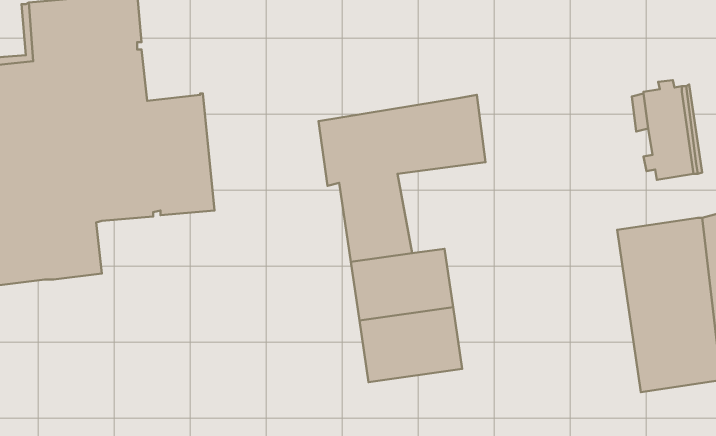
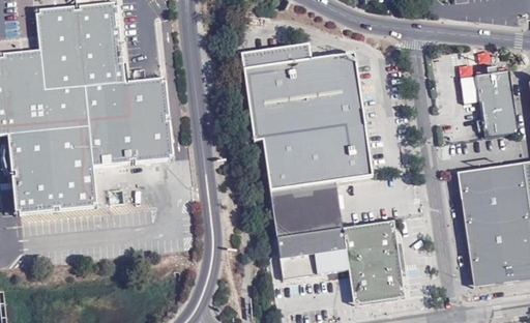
building: none -> [240,42,358,95]
building: none -> [302,124,372,188]
building: none -> [342,219,404,304]

